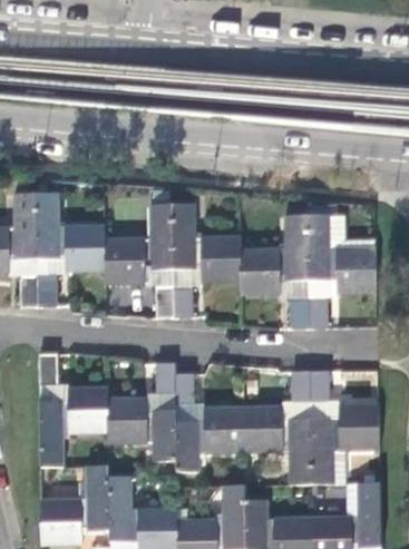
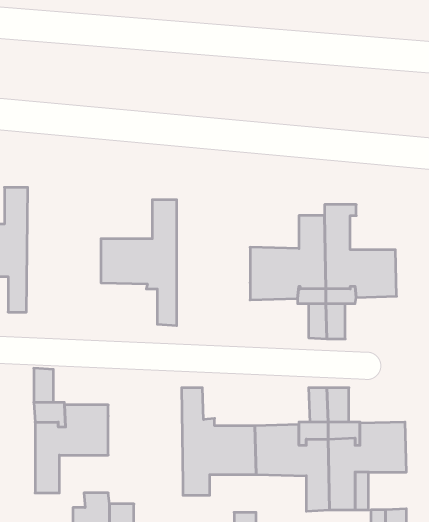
building: [33,190,101,304] -> none
building: [171,200,237,316] -> none
building: [108,363,176,460] -> none

